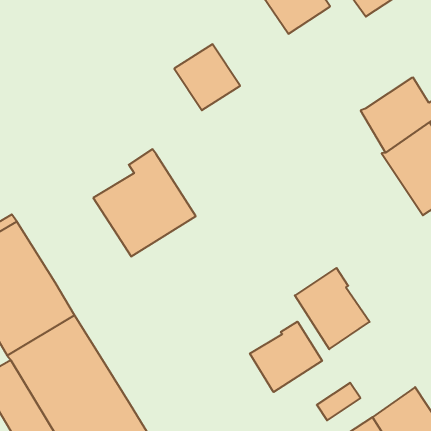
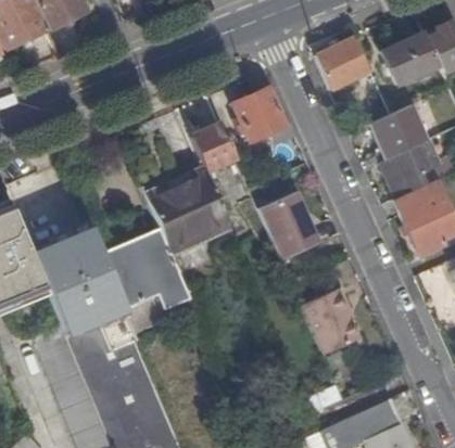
building: none -> [368,105,427,161]
building: none -> [190,123,235,171]
building: none -> [258,193,318,259]
building: none -> [105,233,200,340]
building: [250,322,322,392] -> none

